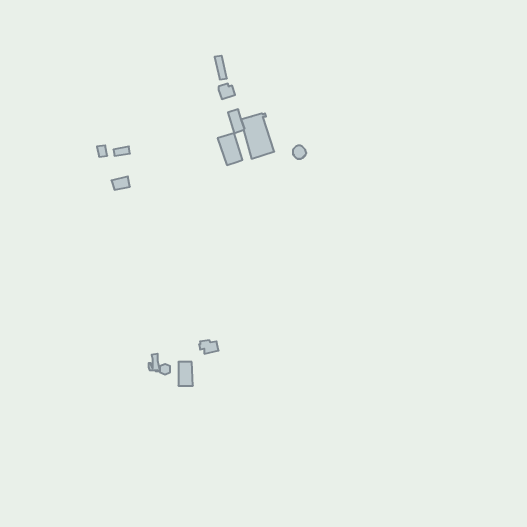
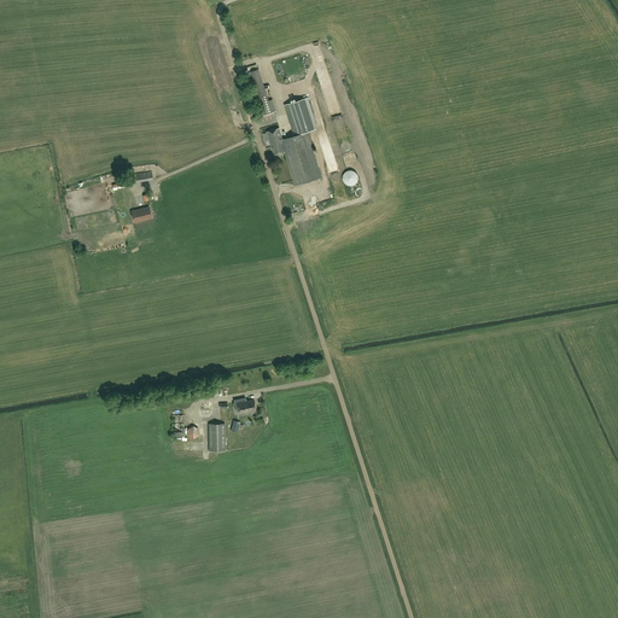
building: [218,133,242,165] -> [284,99,313,136]

